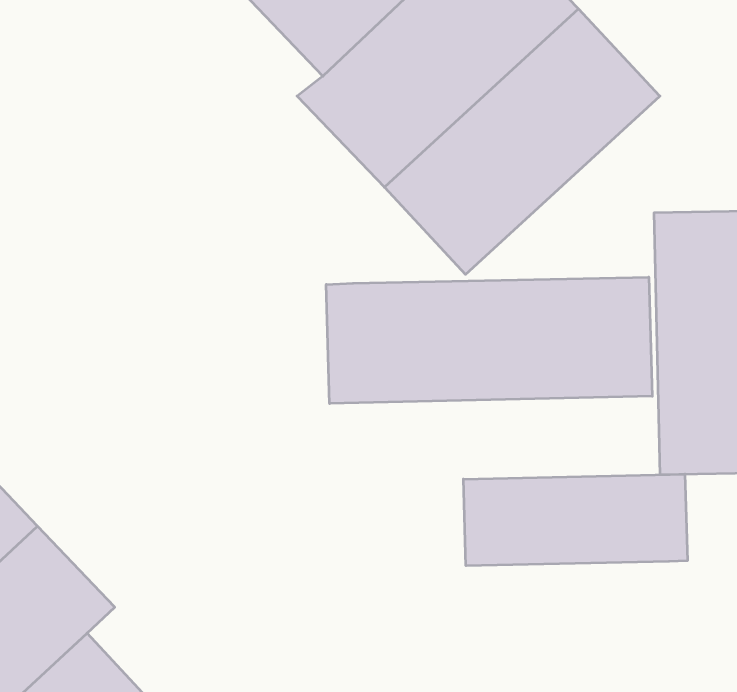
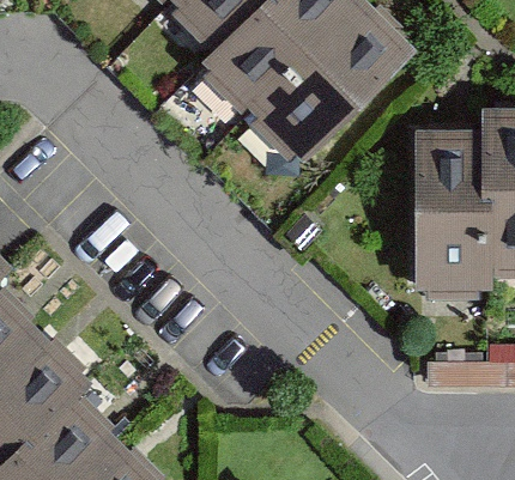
building: [326,277,652,404] -> none
building: [463,474,687,566] -> none

